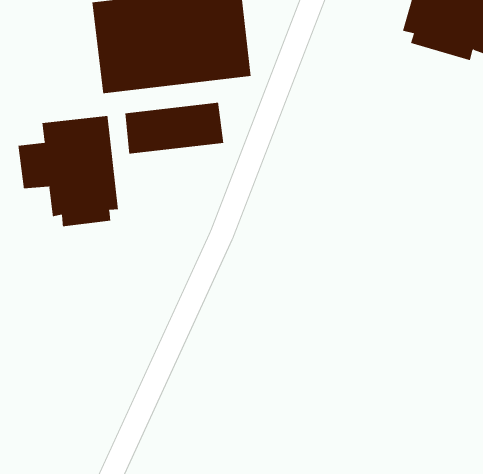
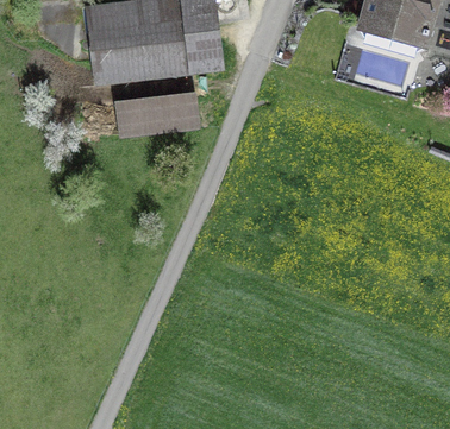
building: [18,115,119,227] -> none

